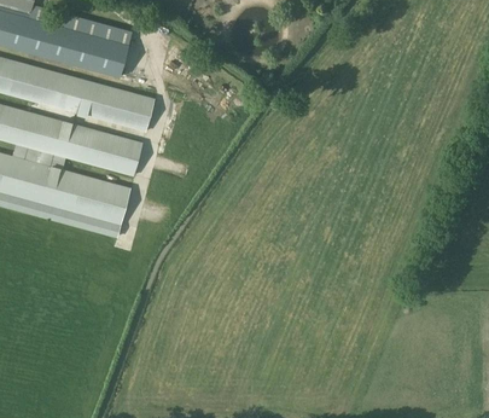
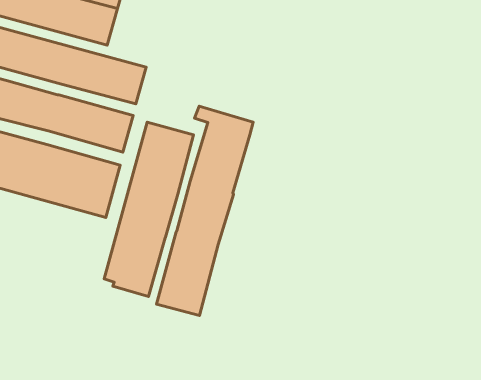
building: none -> [157,106,253,316]
building: none -> [104,122,193,297]

